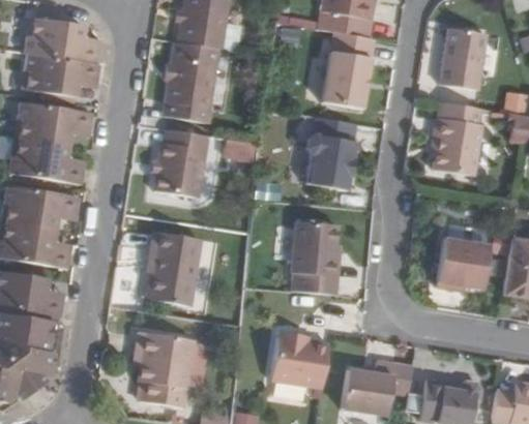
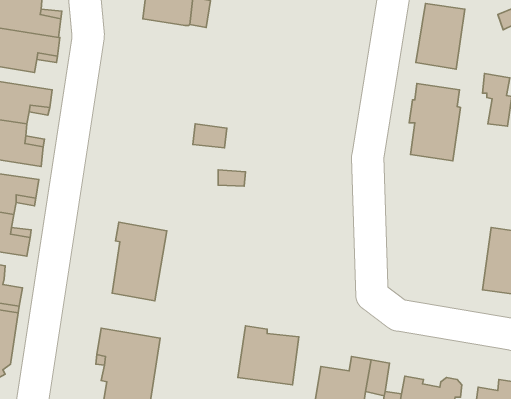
building: [317,33,368,110] -> none
building: [166,40,219,122] -> none
building: [304,120,353,194] -> none
building: [155,128,210,198] -> none
building: [291,220,336,293] -> none
building: [434,239,488,290] -> none

